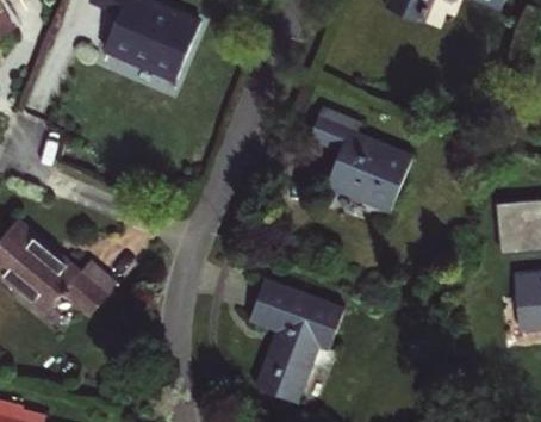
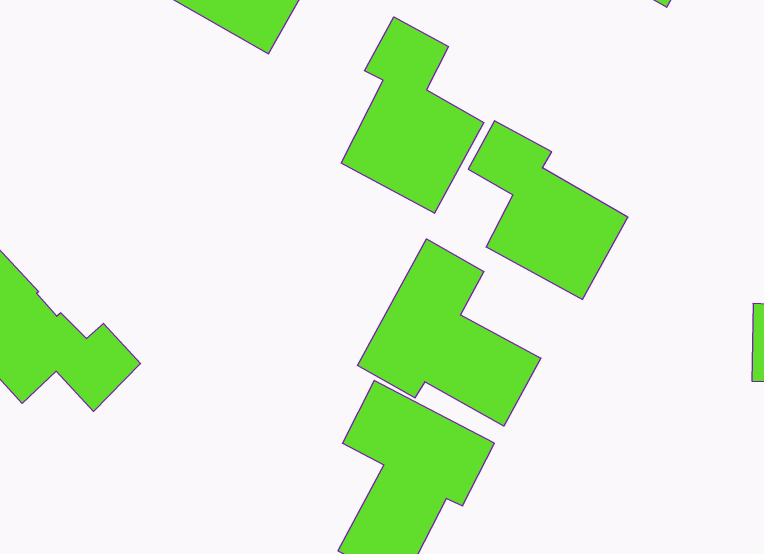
building: none -> [341,17,484,213]
building: none -> [357,239,541,426]

